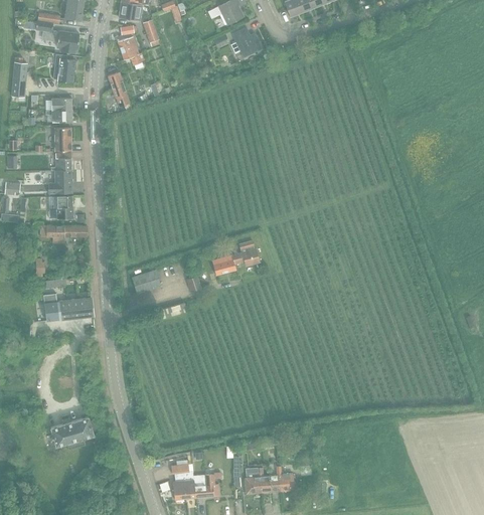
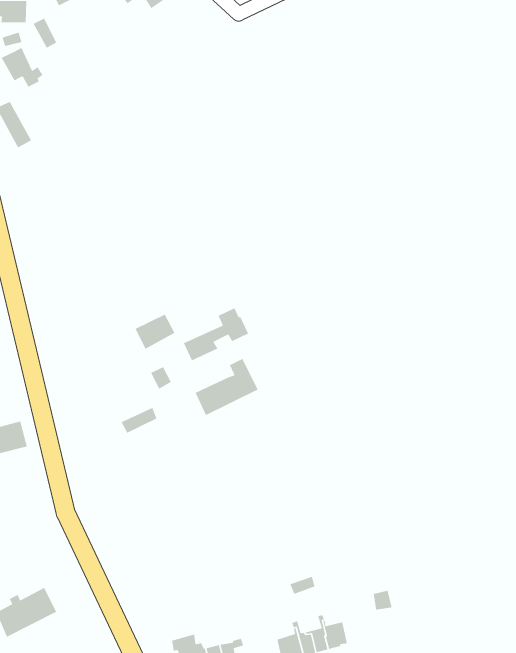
building: [232,29,263,58] -> none
building: [132,270,160,293] -> [134,313,176,350]
building: none -> [194,358,259,416]

